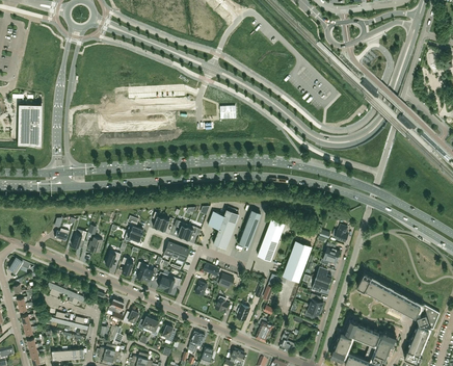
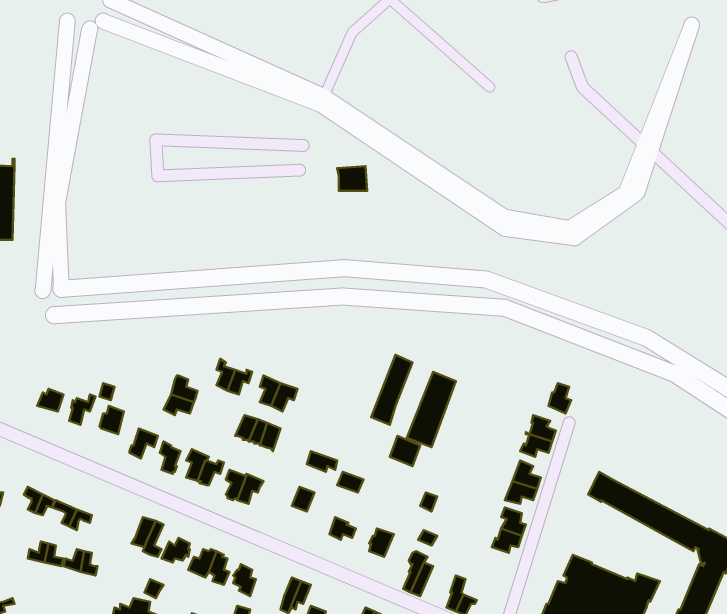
building: [208,209,238,247] -> none
building: [284,242,311,281] -> none

